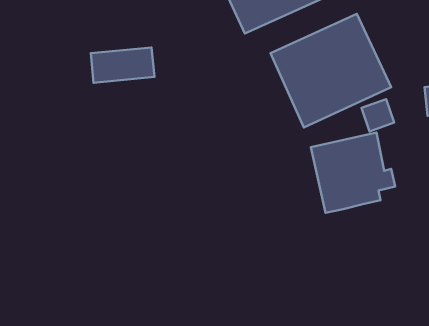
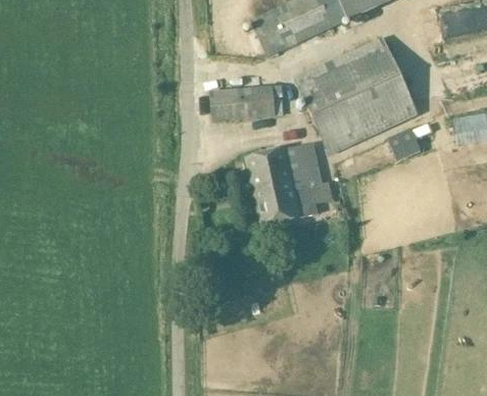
building: [91,47,154,83] -> [210,85,277,121]
building: [311,133,395,213] -> [246,143,334,227]

